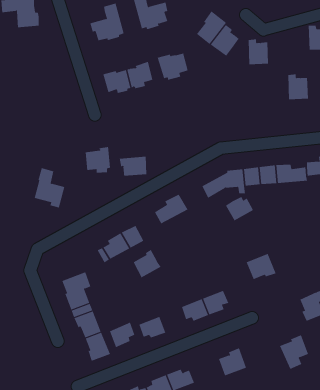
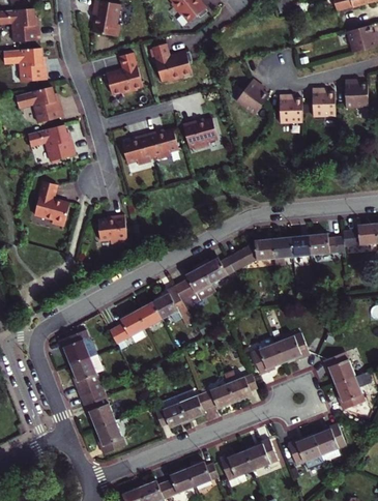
building: [196,11,227,45] -> none
building: none -> [16,85,64,122]
building: none -> [28,123,76,160]
building: [287,74,309,100] -> [313,86,337,115]
building: [119,156,147,177] -> none
building: [34,167,65,208] -> [35,181,70,227]
building: [225,196,254,221] -> [202,256,234,284]
building: [133,249,161,278] -> [153,287,185,319]
building: none -> [58,328,97,363]
building: none -> [252,343,285,375]
building: none -> [324,352,355,384]
building: [109,322,135,348] -> [180,392,209,421]
building: none -> [289,436,325,468]
building: none -> [220,450,253,480]

